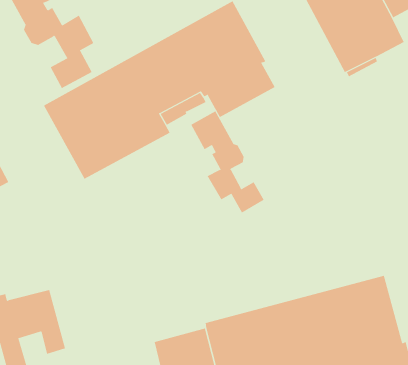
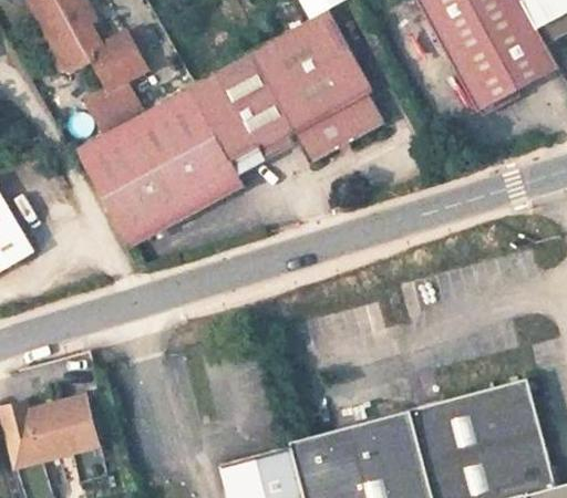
building: [191,110,265,213] -> none

